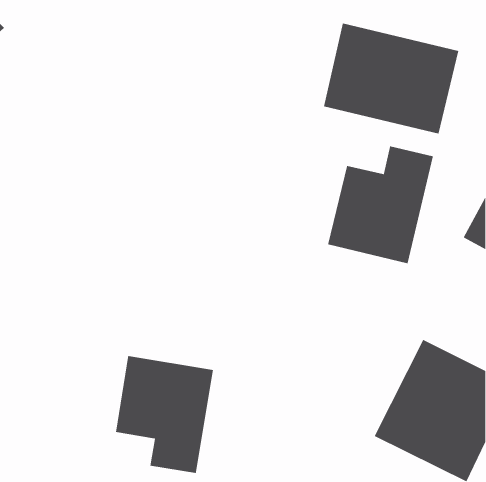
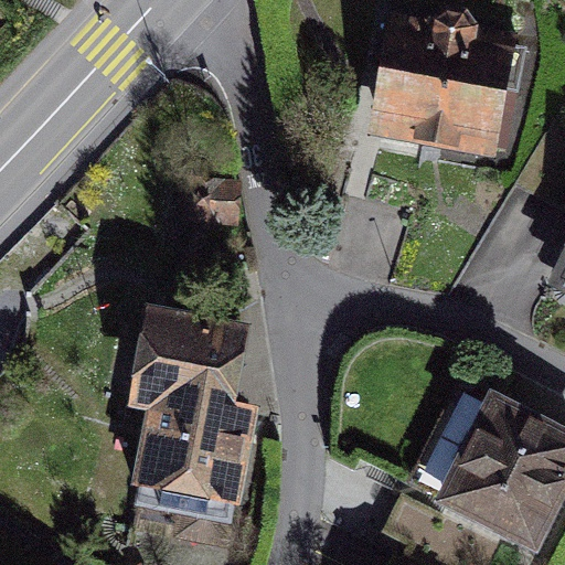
building: [328,145,433,264] -> none
building: none -> [126,305,263,426]

